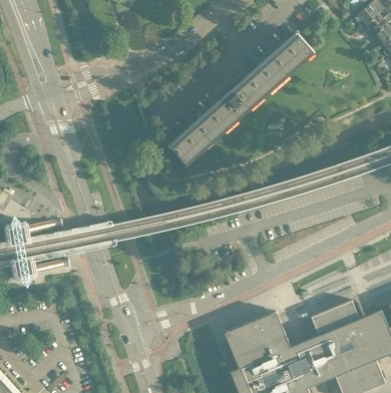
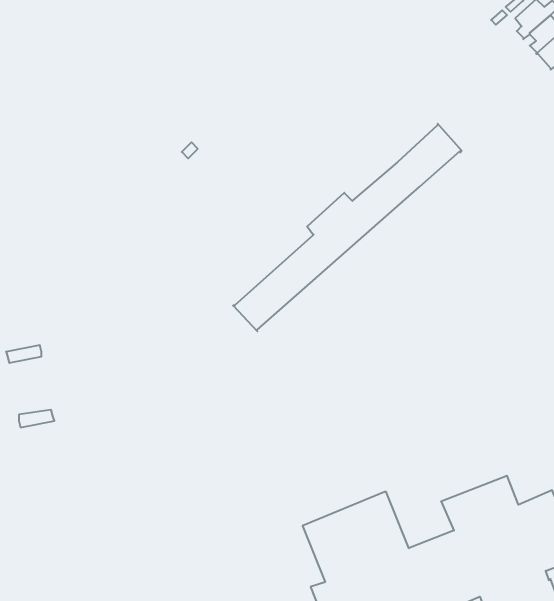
building: [170,33,313,162] -> [233,124,462,331]

